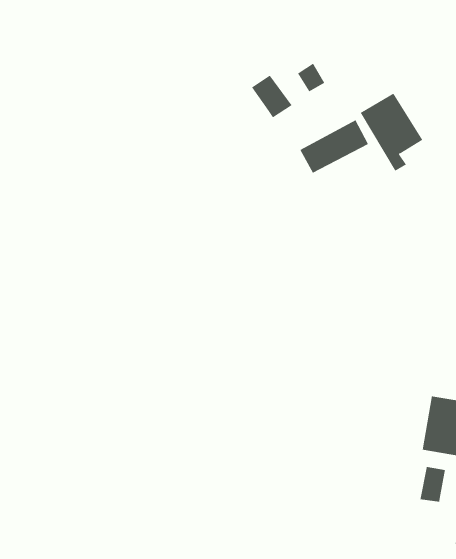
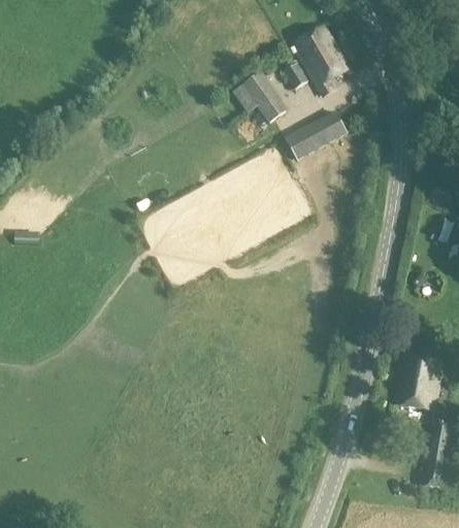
building: [360,93,423,172] -> [292,26,348,95]
building: [420,466,445,503] -> none

